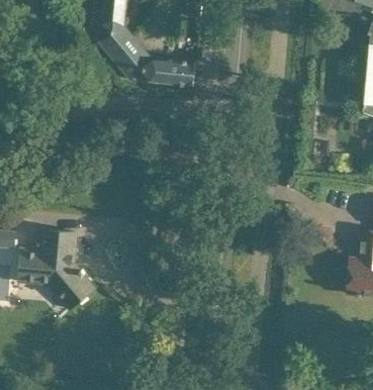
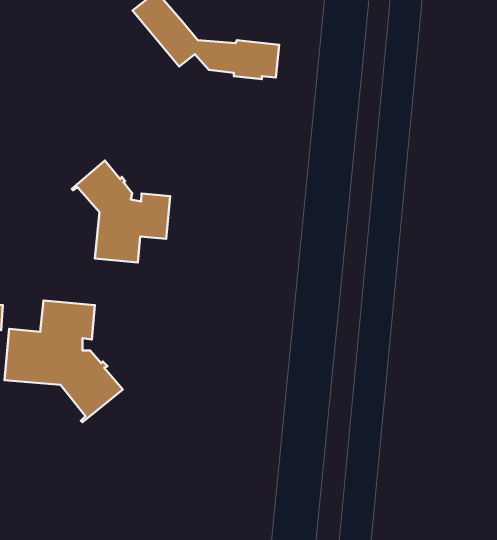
building: none -> [72,161,170,263]

